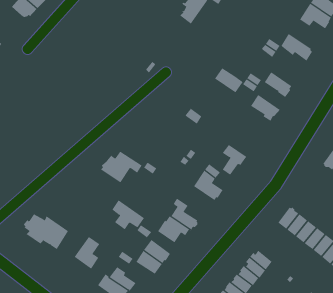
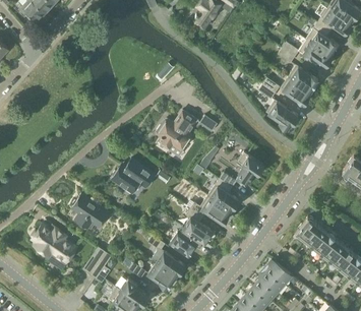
building: none -> [307,23,338,54]
building: [214,68,244,93] -> [289,66,319,92]
building: none -> [155,116,195,154]
building: none -> [191,196,231,224]
building: [111,200,145,230] -> [78,196,113,228]

